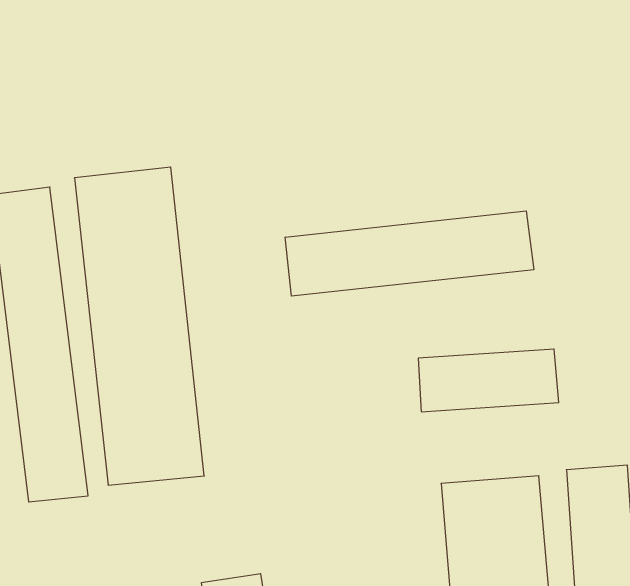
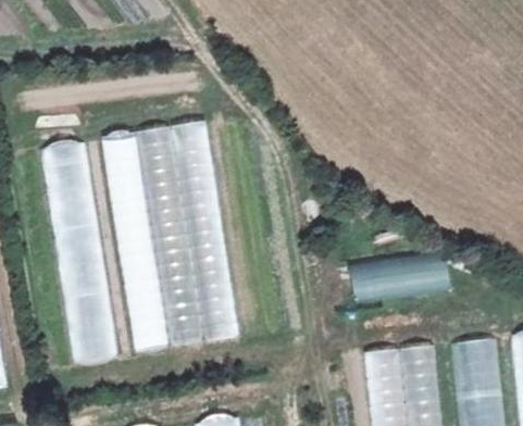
building: none -> [186,128,239,347]
building: [285,211,534,296] -> none

